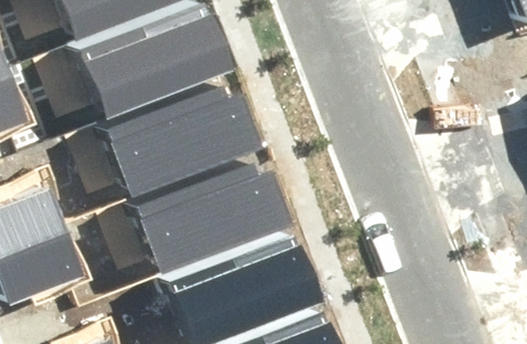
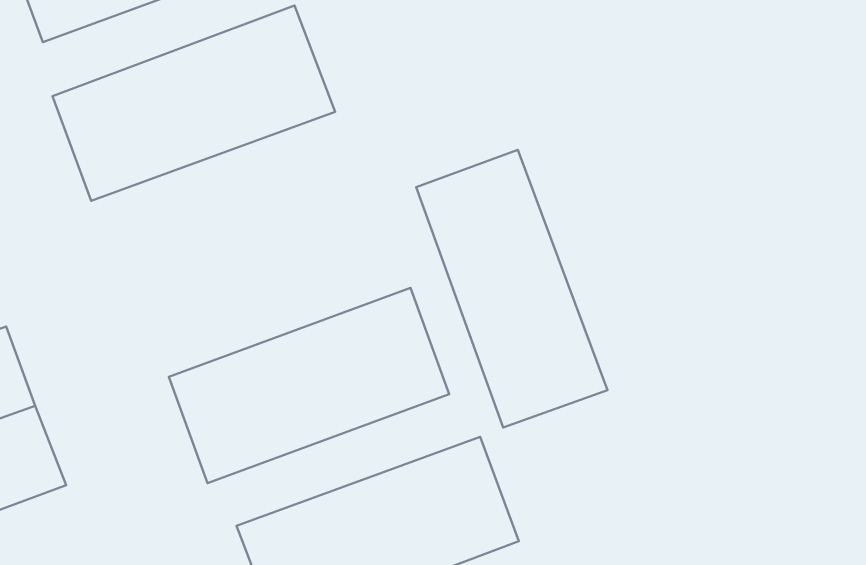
building: [102,92,253,196] -> none
building: none -> [416,150,607,427]

